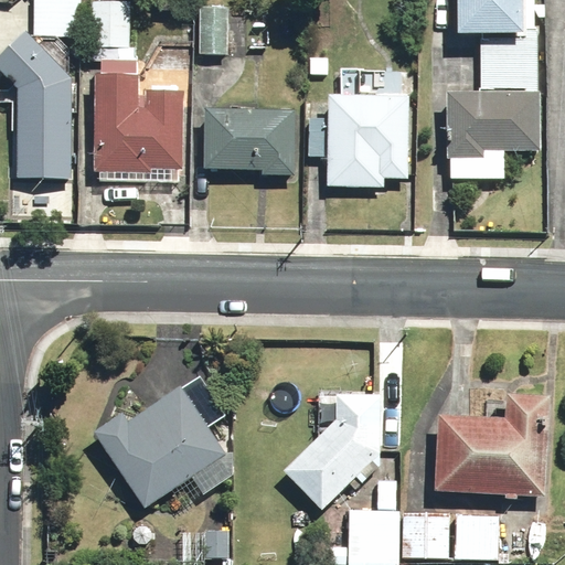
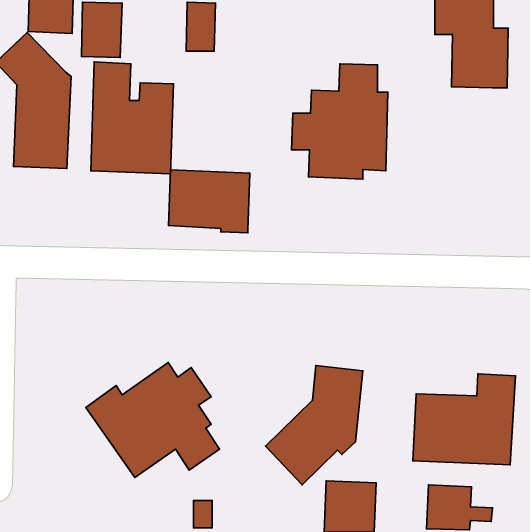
building: [447,92,540,179] -> none
building: [206,110,292,177] -> [168,170,250,233]
building: [398,510,448,556] -> none

